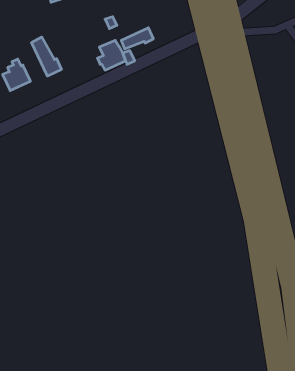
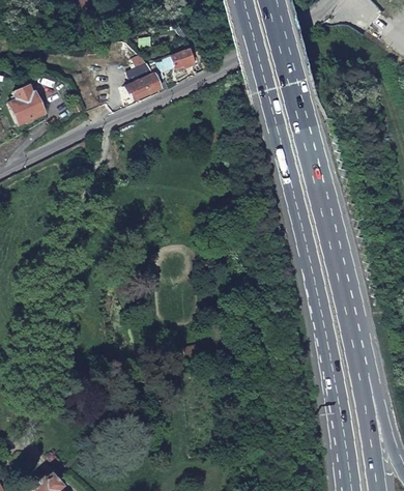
building: [32,37,61,76] -> none

